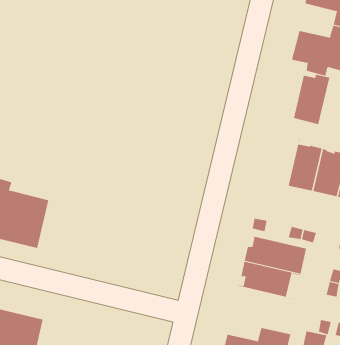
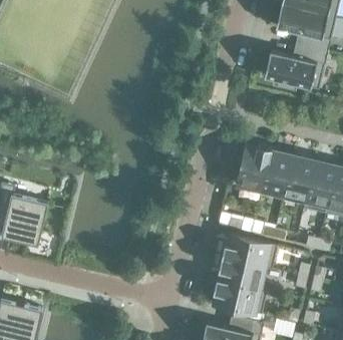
building: [293,74,330,125] -> [238,143,271,189]
building: none -> [214,278,267,313]

